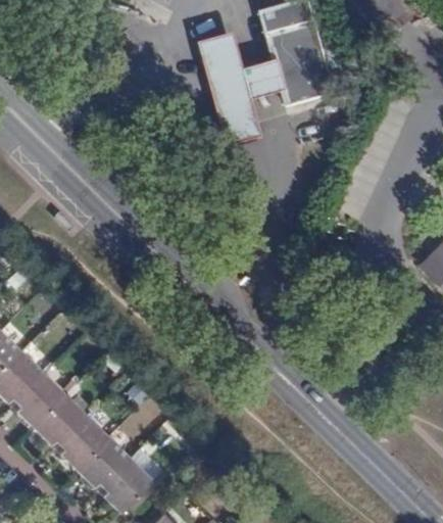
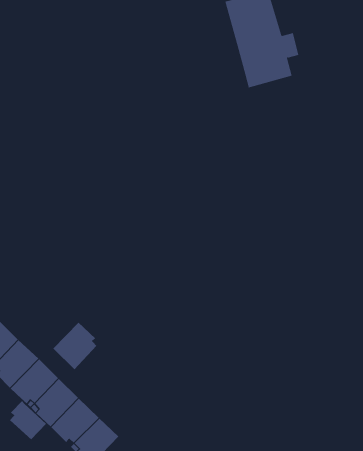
building: [205,27,284,139] -> none
building: none -> [53,322,97,370]
building: none -> [9,400,47,440]

